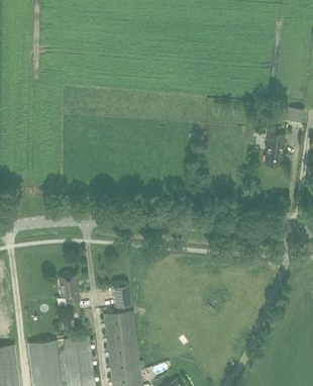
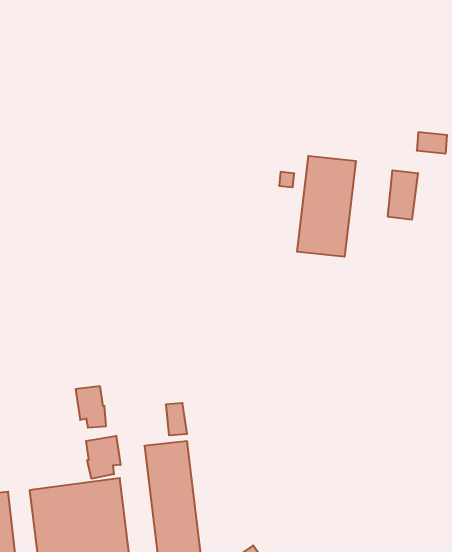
building: none -> [297,156,356,257]
building: none -> [86,436,121,479]

